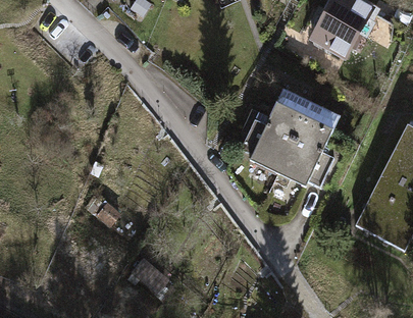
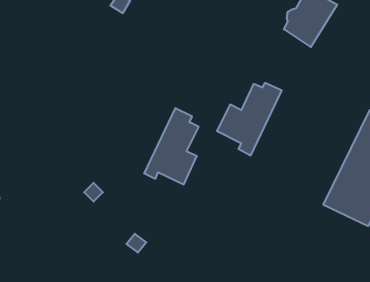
building: [277,103,337,186] -> [144,108,199,184]

